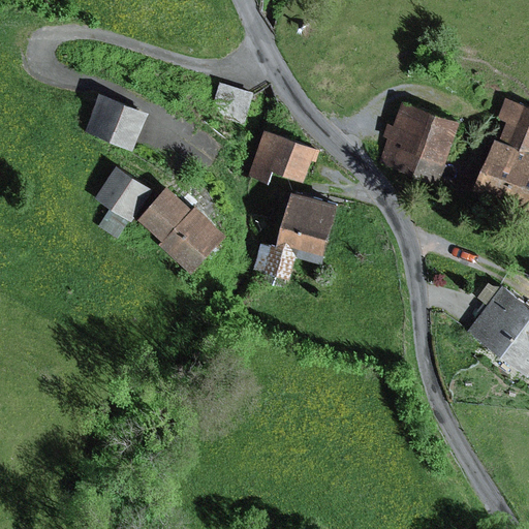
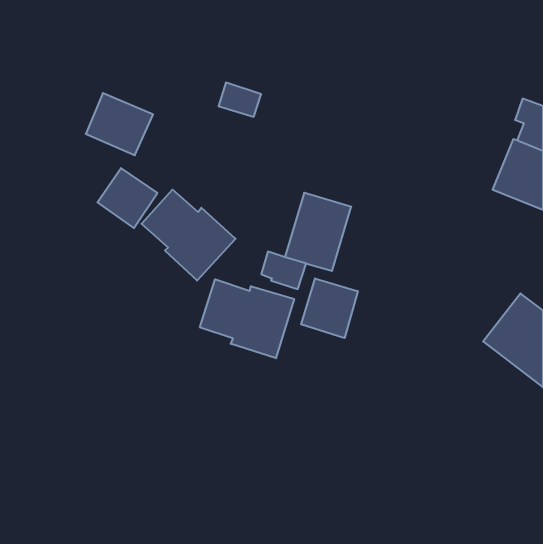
building: [379,100,461,185] -> none
building: [247,128,318,185] -> none
building: none -> [301,278,358,338]
building: none -> [200,279,294,358]

